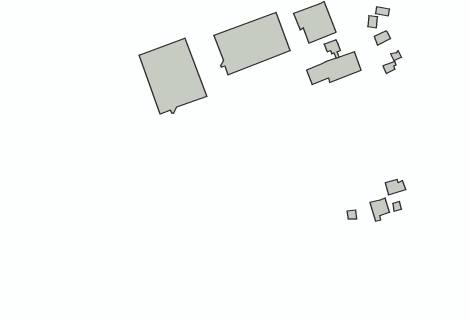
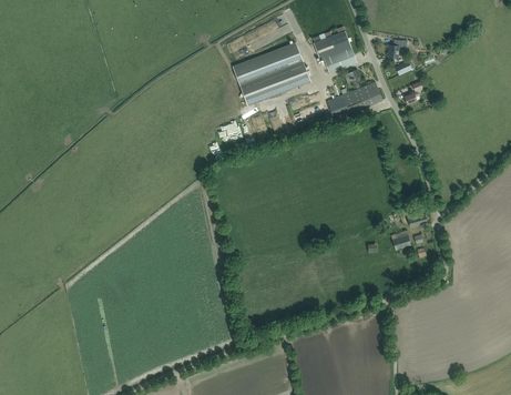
building: [139,38,207,114] -> none

